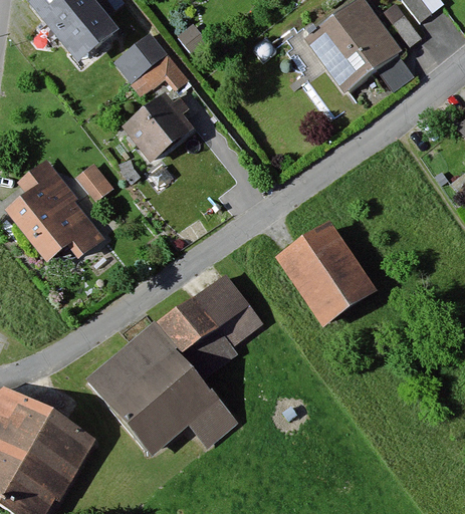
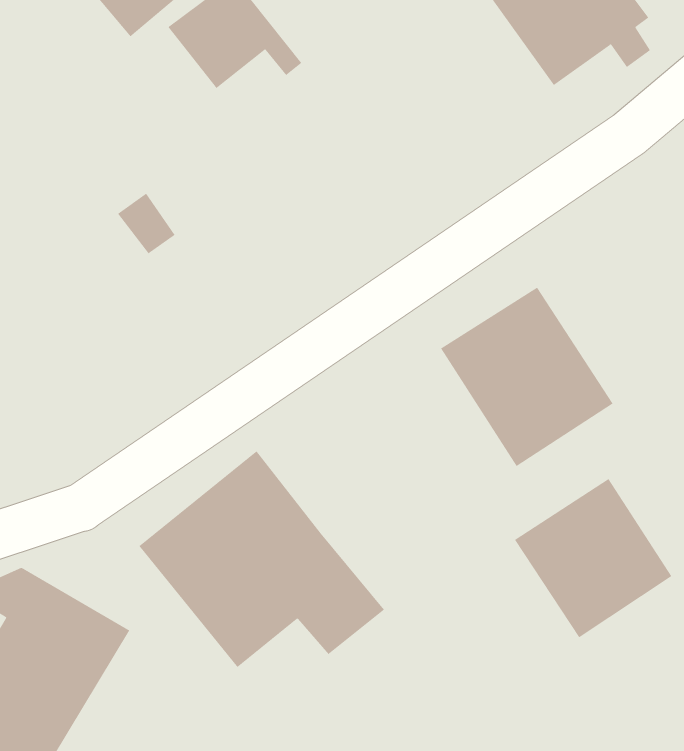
building: [124,92,194,162] -> none
building: [7,156,107,262] -> none
building: [161,271,264,371] -> none
building: none -> [514,478,672,638]

